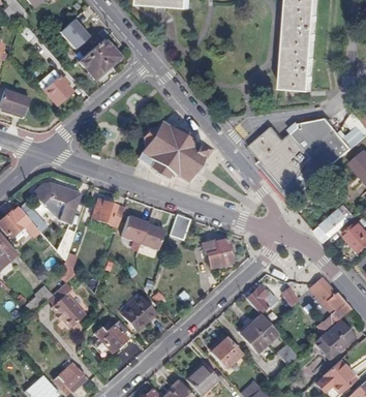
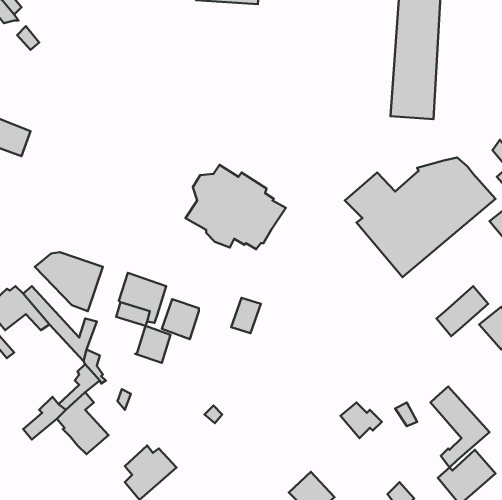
building: [58,20,88,49] -> none
building: [78,39,118,79] -> none
building: [36,72,70,105] -> none
building: [139,224,163,250] -> [135,326,171,363]
building: [200,238,231,268] -> none
building: [122,297,155,330] -> none
building: [240,315,277,352] -> none

